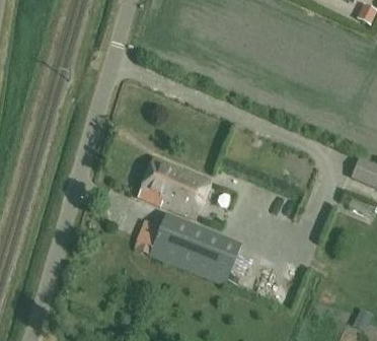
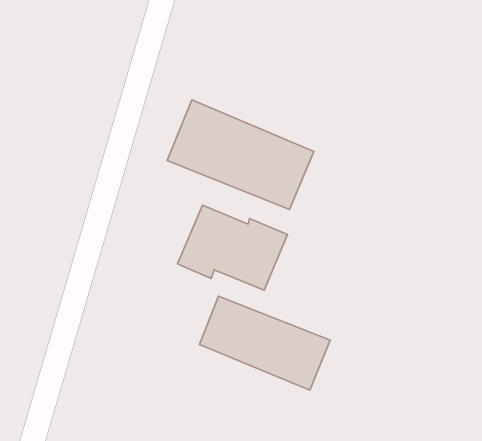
building: none -> [167,100,314,209]

